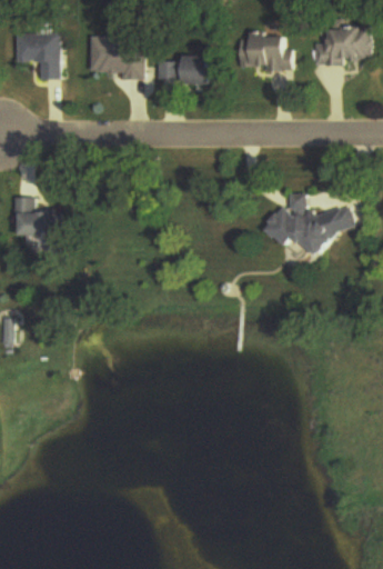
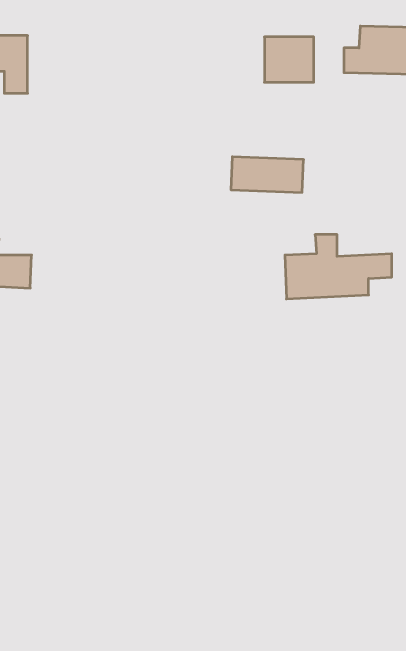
building: [87,36,141,76] -> none
building: [153,54,212,83] -> [231,157,304,192]

